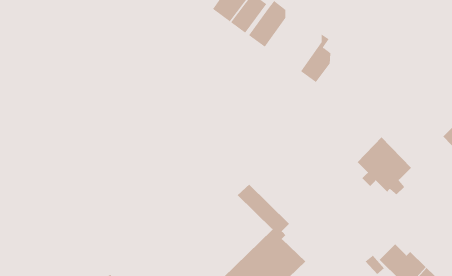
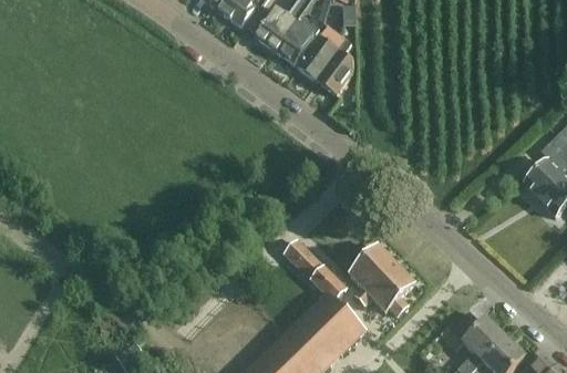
building: [300,33,331,83] -> [317,37,353,94]
building: [357,137,412,195] -> [350,246,414,314]

